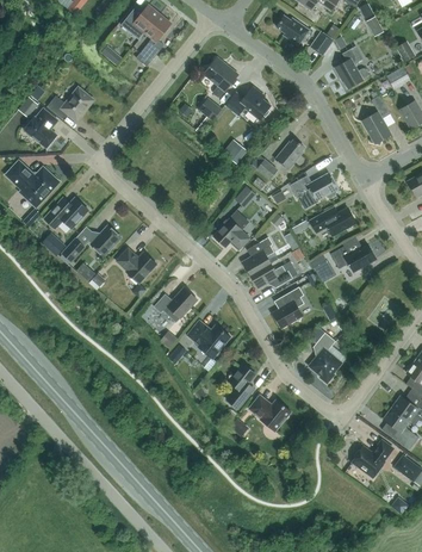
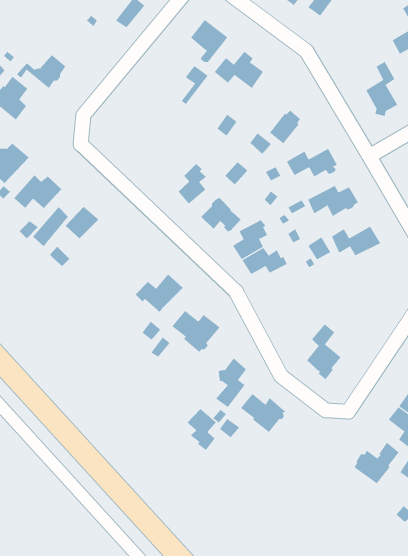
building: [335,45,368,88] -> none
building: none -> [178,163,207,205]
building: [117,248,156,283] -> none
building: [272,286,304,328] -> none
building: none -> [187,408,217,451]

